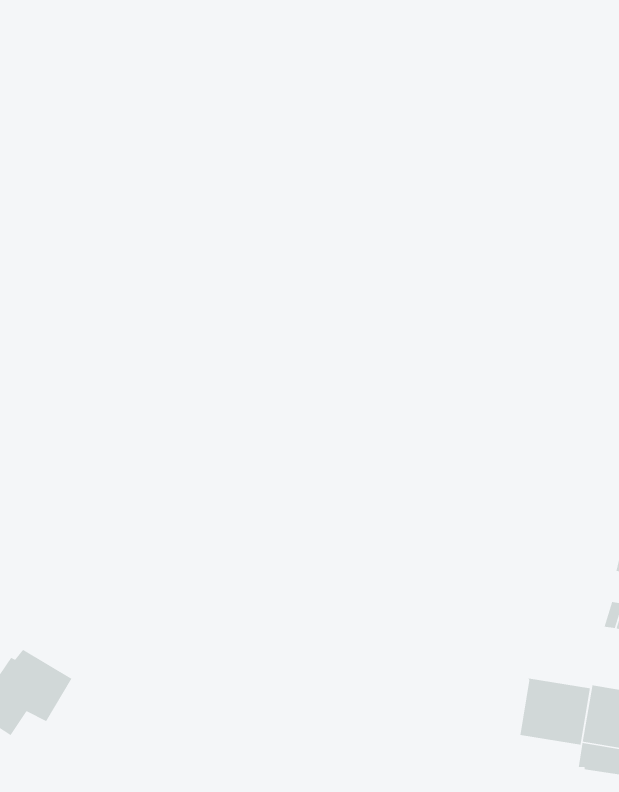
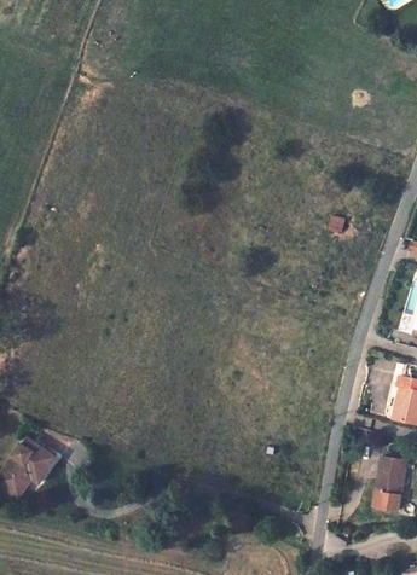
building: [520,677,591,745] -> none

